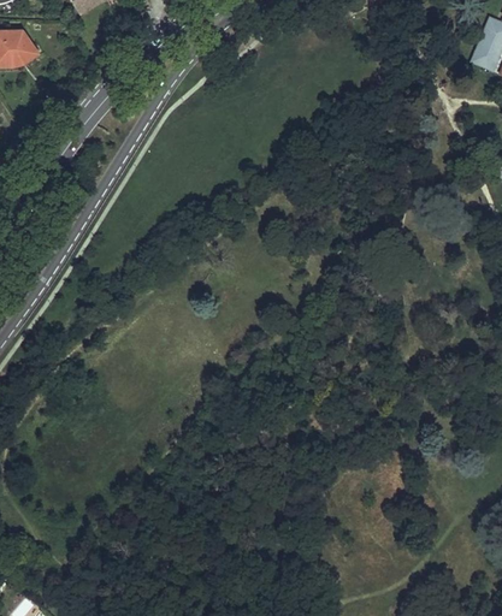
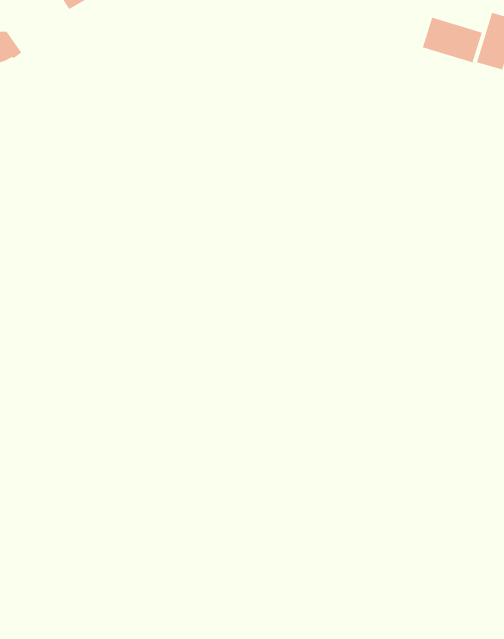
building: none -> [422,17,482,63]

